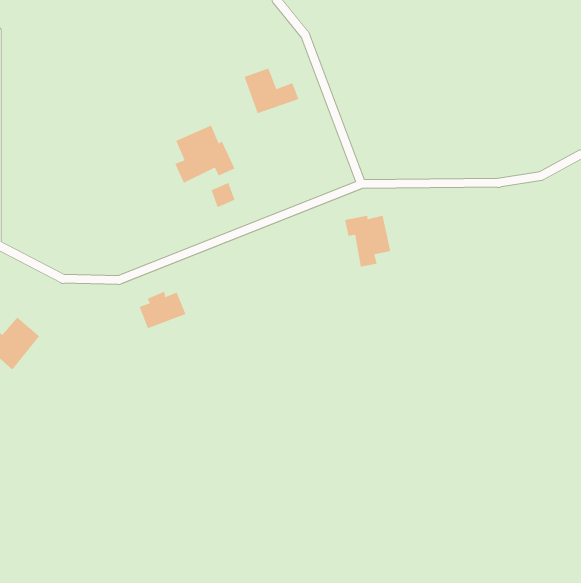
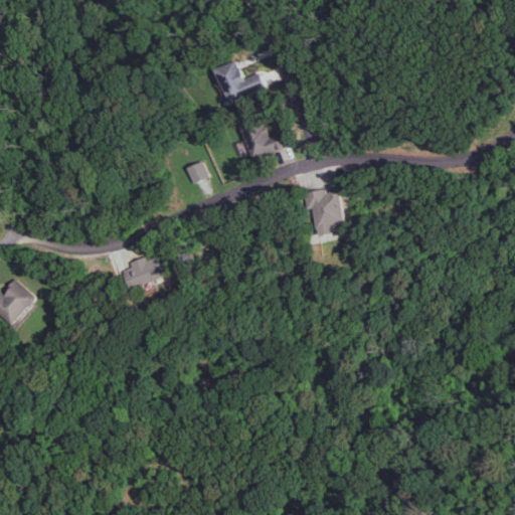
building: [174,125,235,184] -> none
building: none -> [237,118,288,160]

